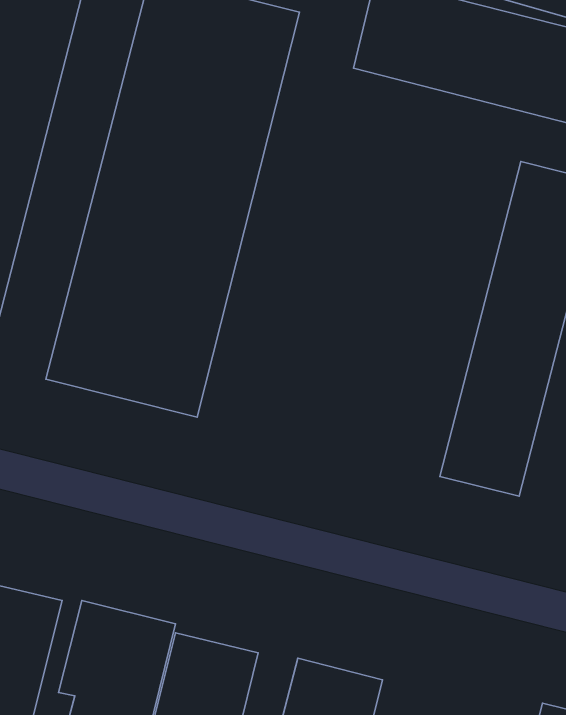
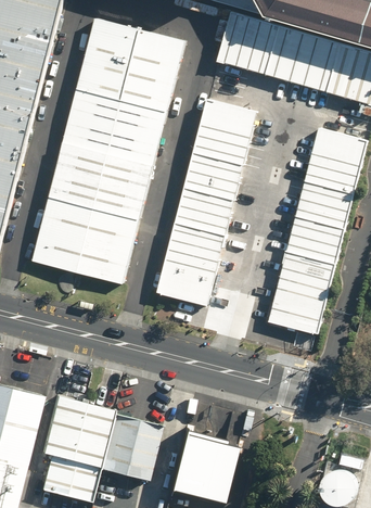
building: none -> [156,98,256,306]

